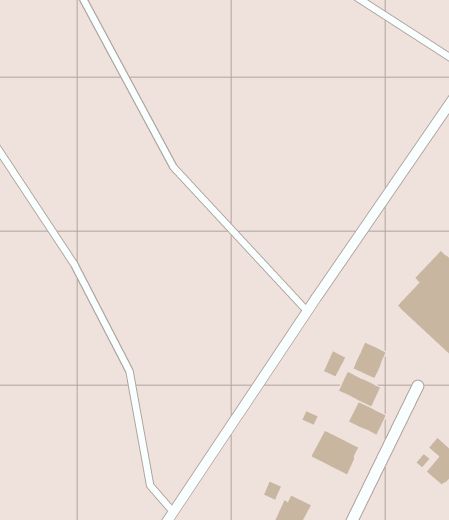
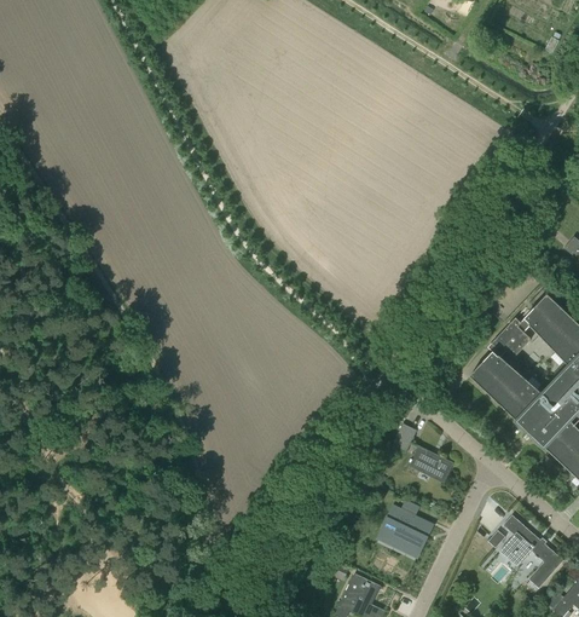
building: [353,342,387,379] -> none
building: [348,401,387,435] -> none

